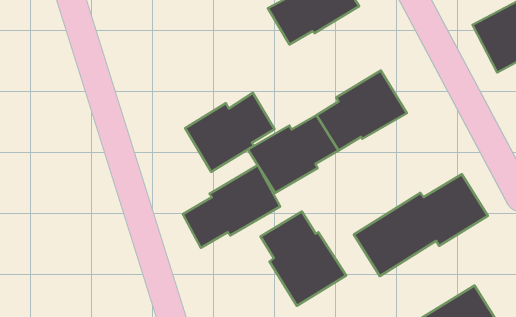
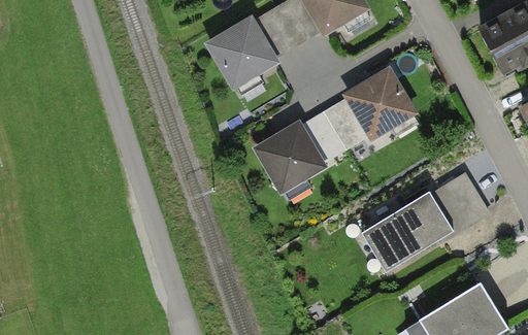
building: [185,93,275,172] -> [207,8,296,87]
building: [183,165,280,248] -> none
building: [261,211,346,306] -> none

